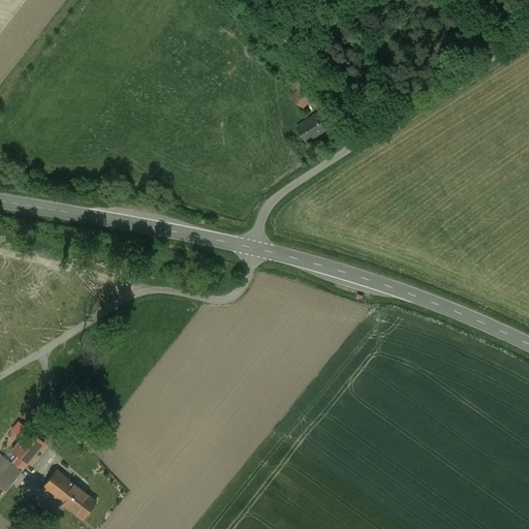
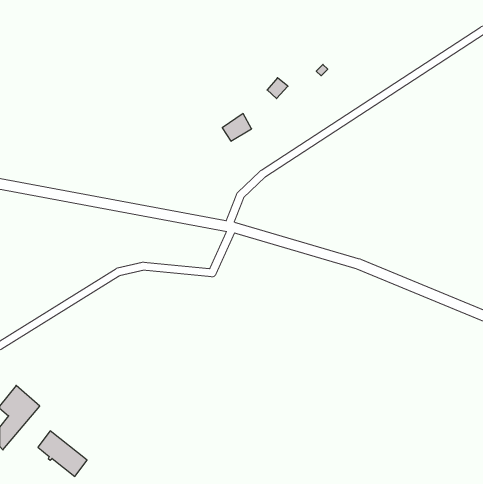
building: [297,112,329,142] -> [222,114,252,141]

